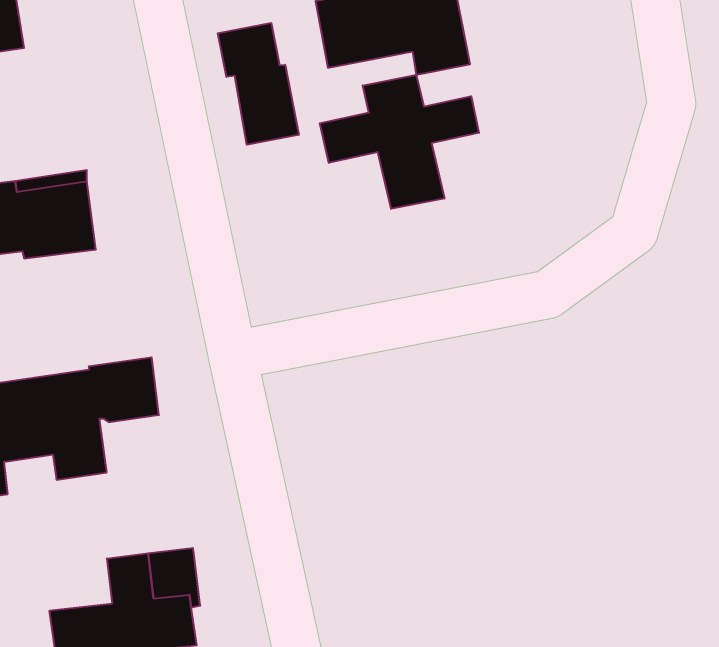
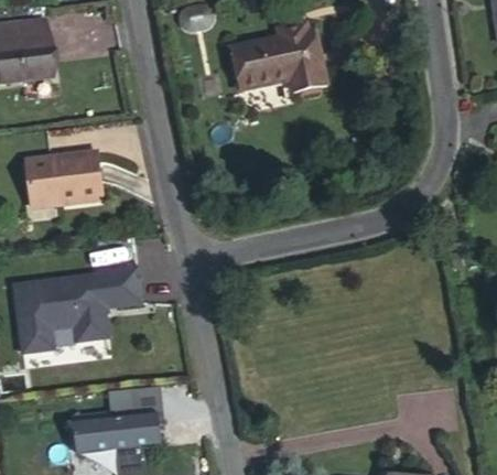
building: [218,23,299,145] -> none
building: [320,75,479,209] -> none

